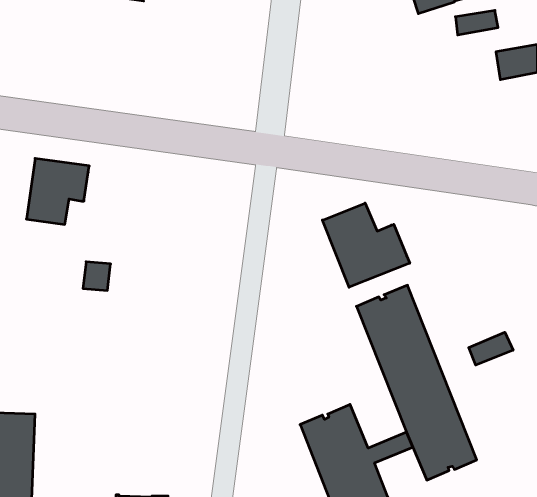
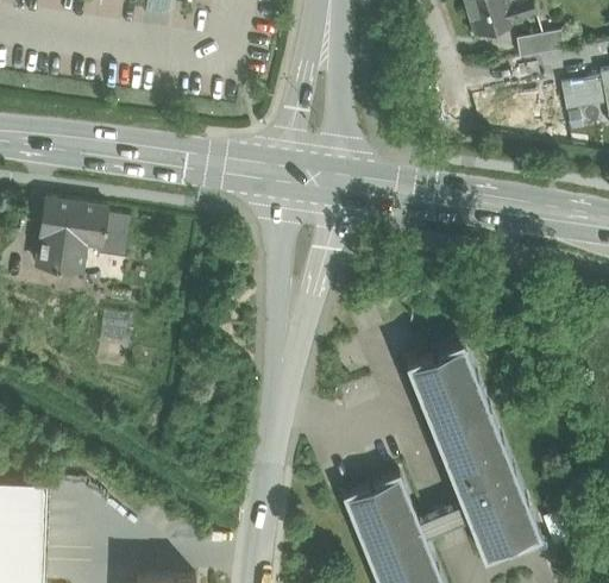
building: none -> [98,215,131,261]
building: [322,203,410,287] -> none
building: [469,332,513,365] -> none

